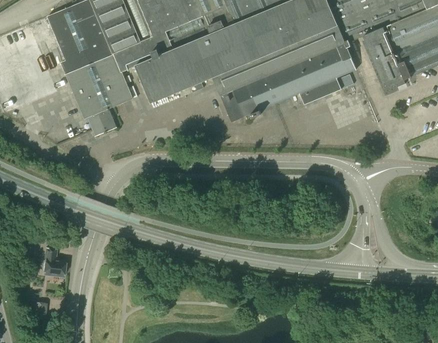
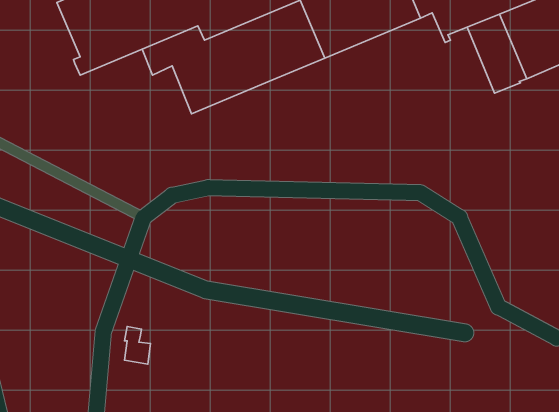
building: [213,25,356,122] -> none
building: [65,53,132,137] -> none
building: [44,248,64,277] -> [125,327,150,364]

